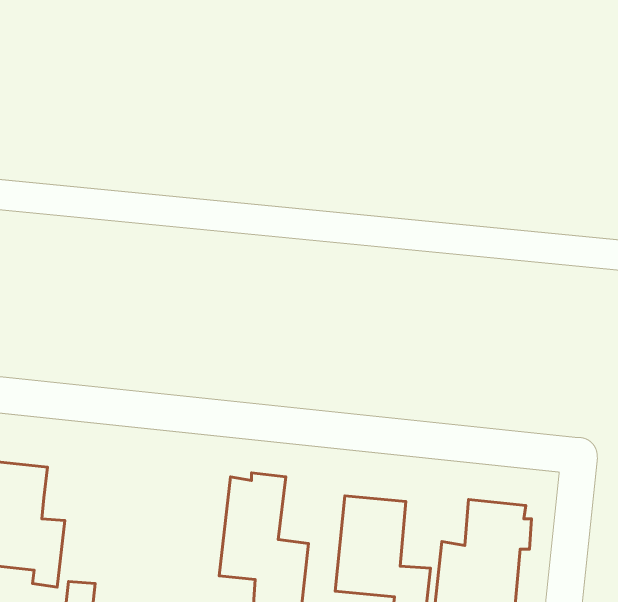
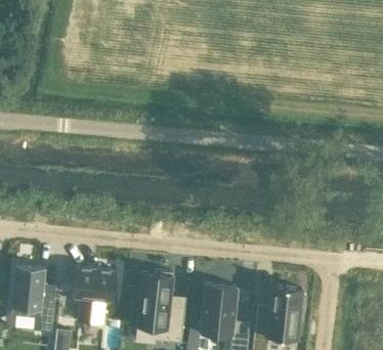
building: none -> [72,266,116,324]

